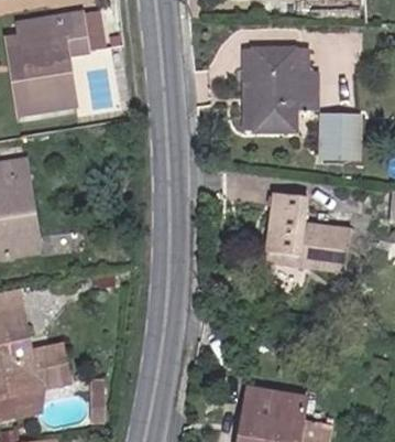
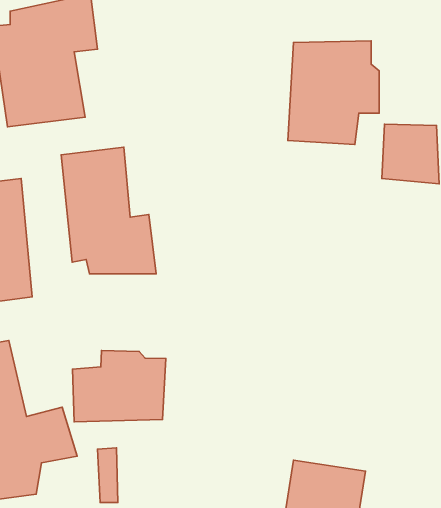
building: none -> [61,147,156,274]
building: [265,191,350,263] -> none
building: none -> [73,351,166,422]

